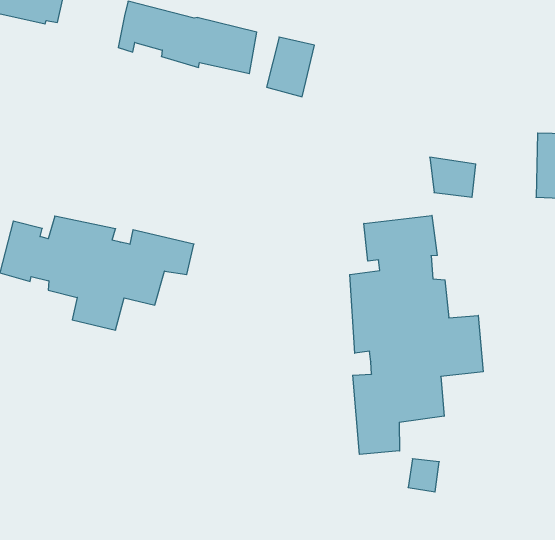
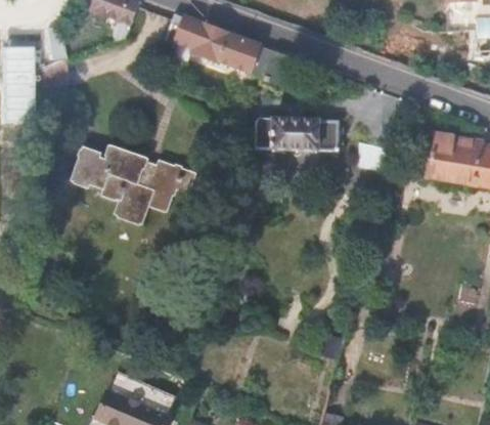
building: none -> [257,116,341,150]
building: [350,215,483,454] -> none

